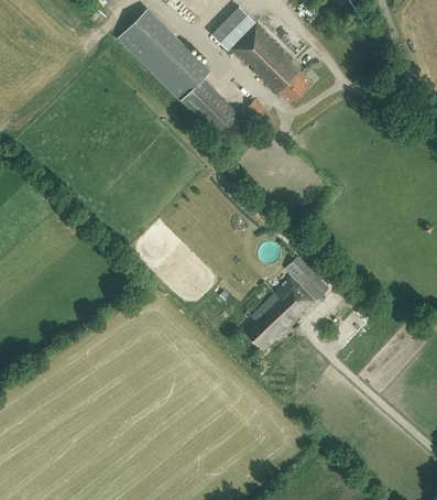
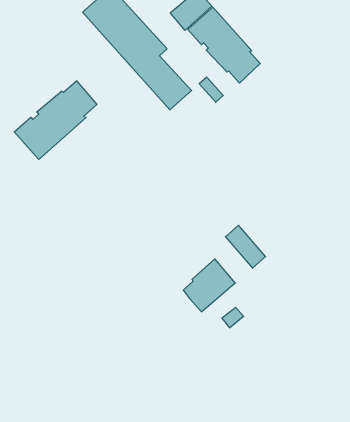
building: none -> [14,81,97,159]
building: [274,276,314,317] -> none

